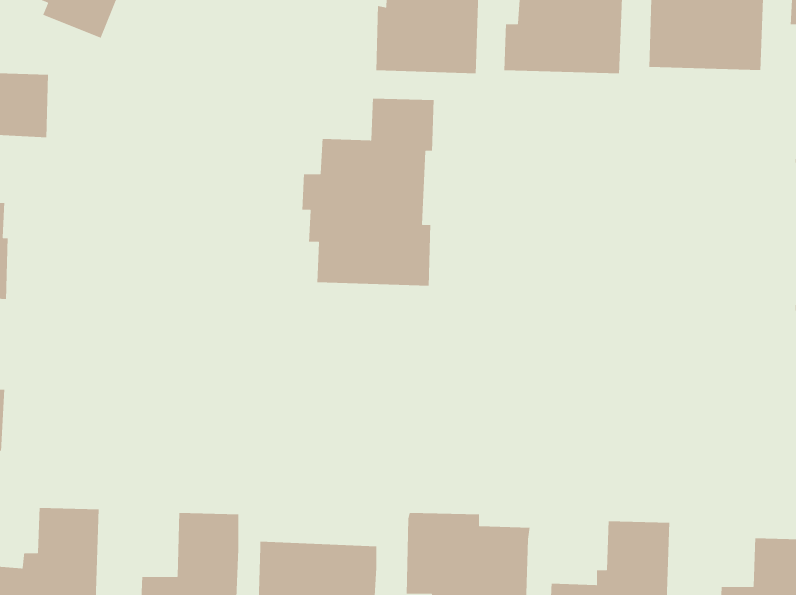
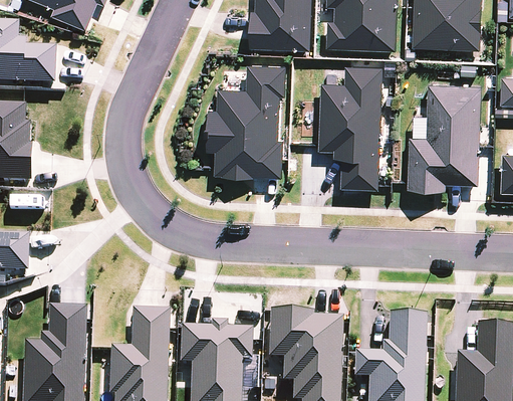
building: none -> [318,65,382,187]
building: none -> [408,83,481,187]

